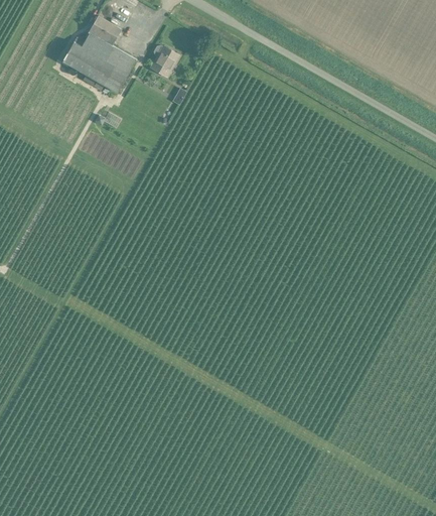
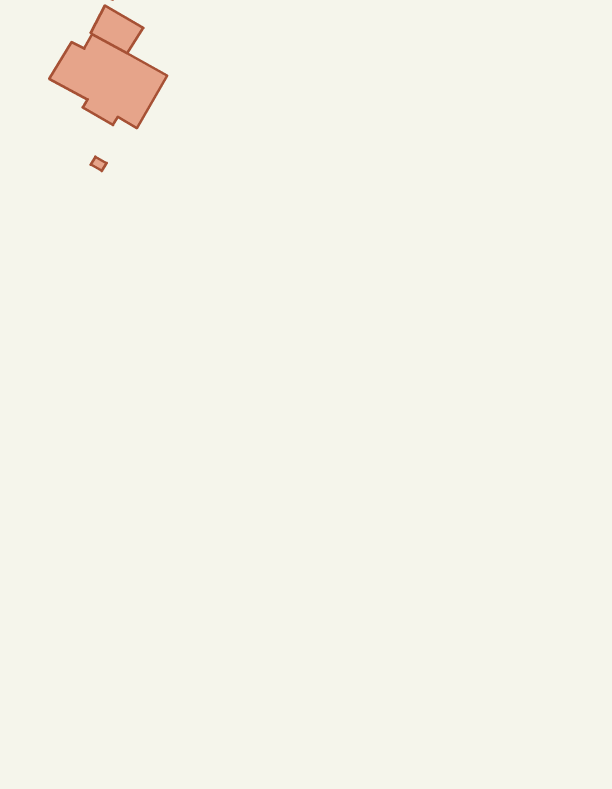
building: [151,44,179,76] -> none

